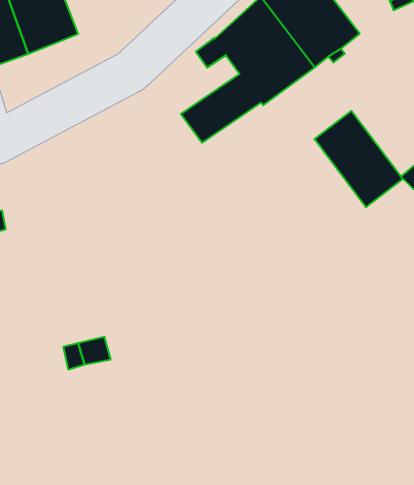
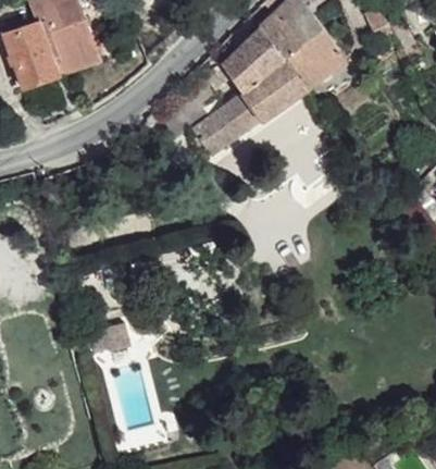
building: [314,111,403,207] -> none

